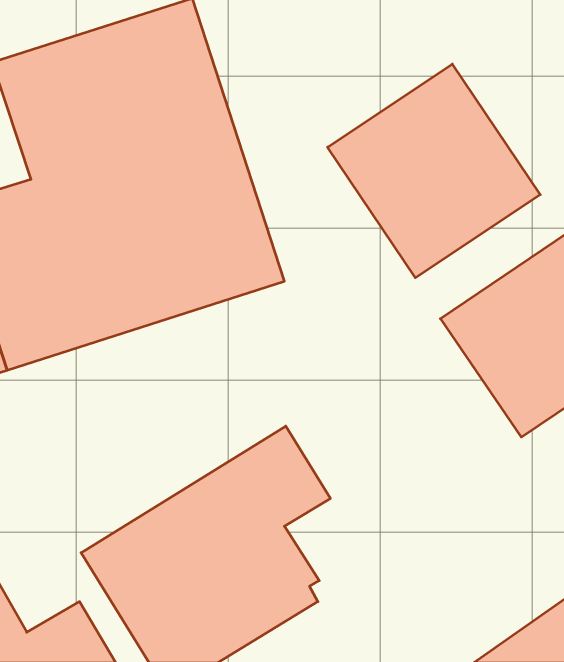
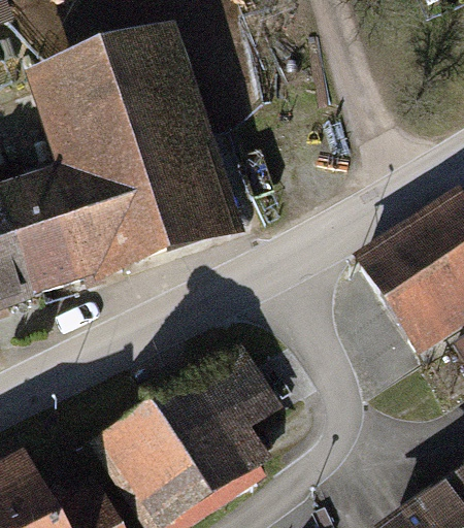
building: [328,64,540,278] -> none

